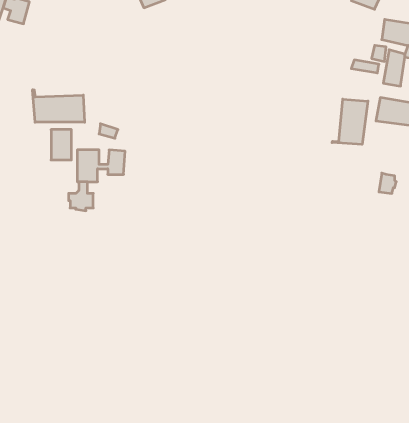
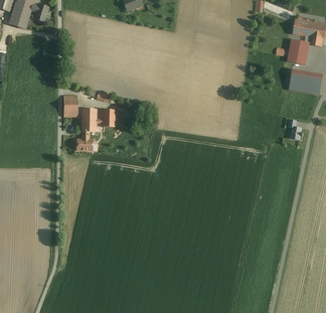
building: [33,90,85,122] -> none
building: [332,99,368,144] -> none

